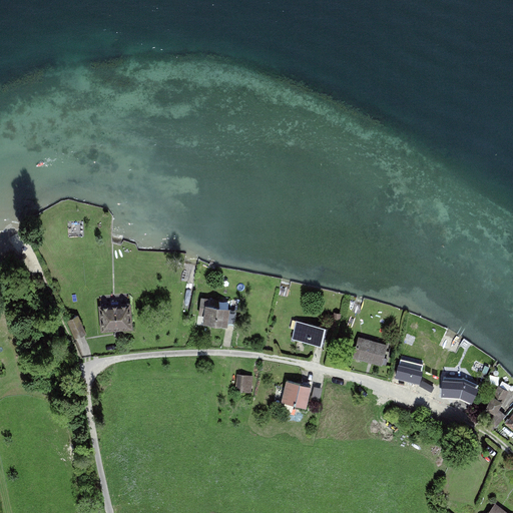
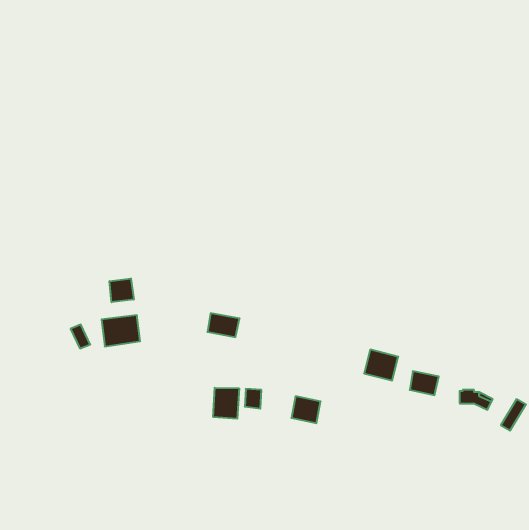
building: none -> [110,278,134,302]
building: [292,322,326,347] -> none
building: none -> [213,388,239,419]

